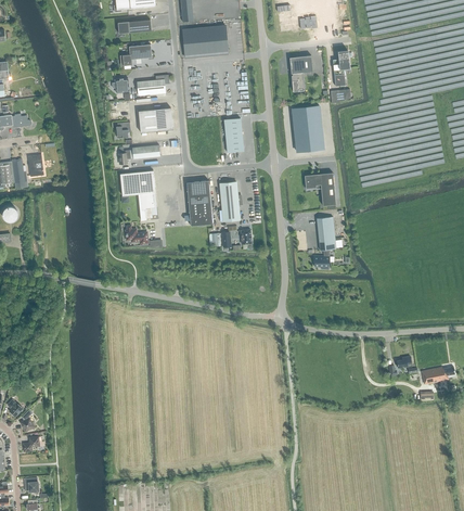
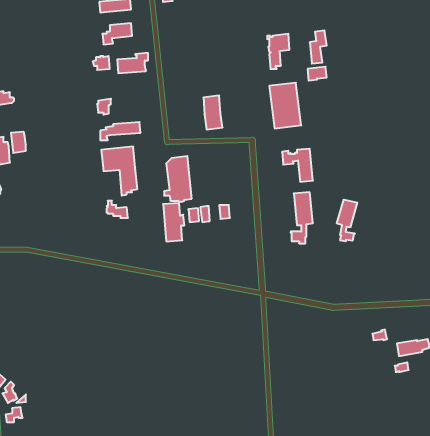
building: [181,25,227,56] -> none
building: [138,106,173,131] -> none
building: [219,181,241,220] -> [163,203,184,241]
building: none -> [337,200,357,241]

